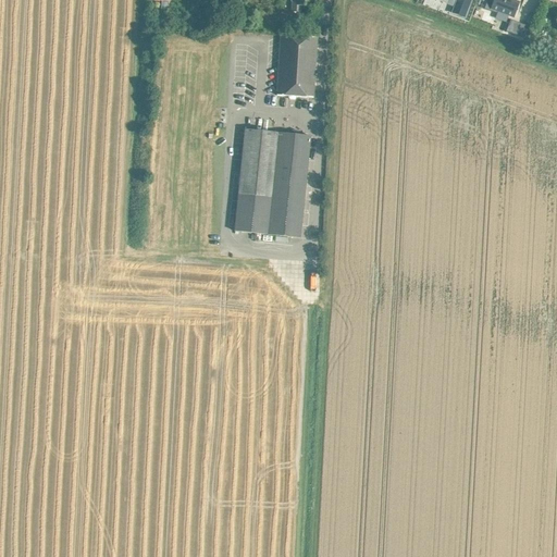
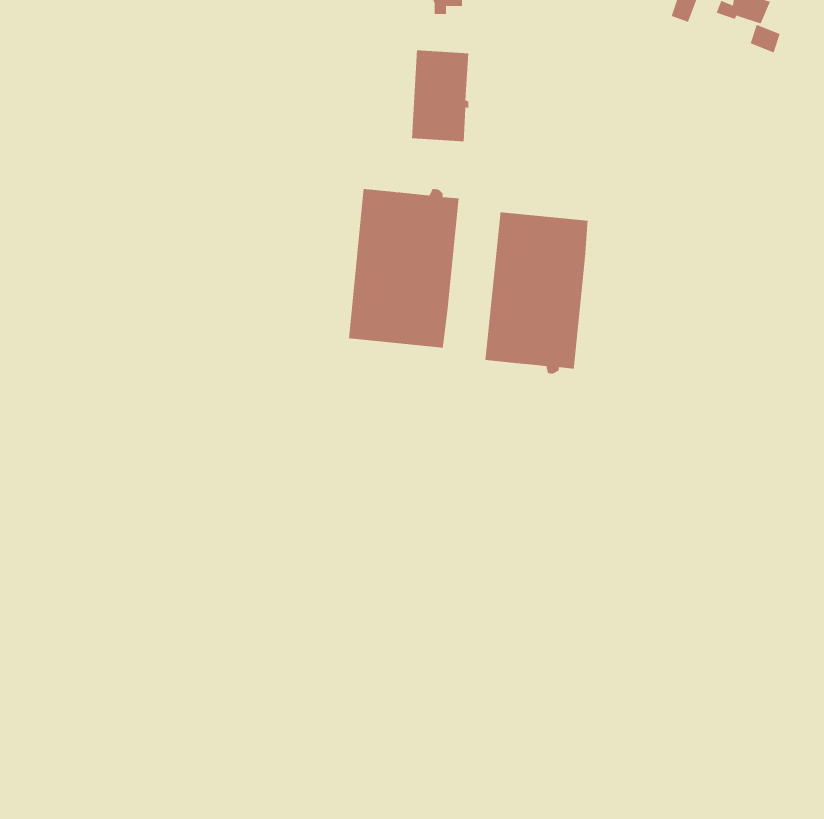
building: none -> [485,211,588,375]

